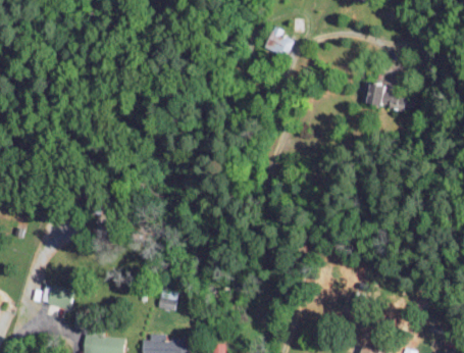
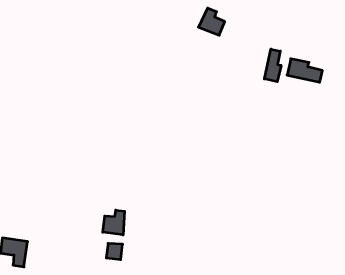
building: none -> [264,49,281,82]
building: none -> [103,210,125,235]

